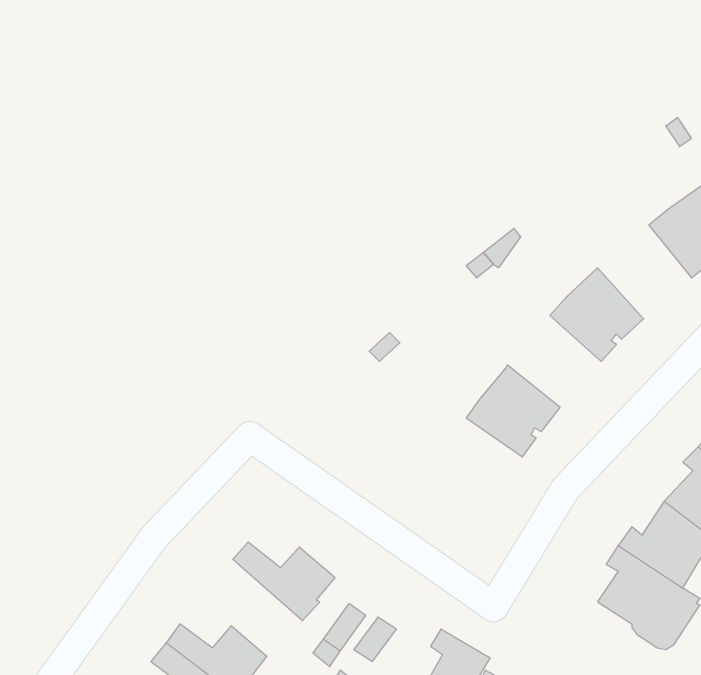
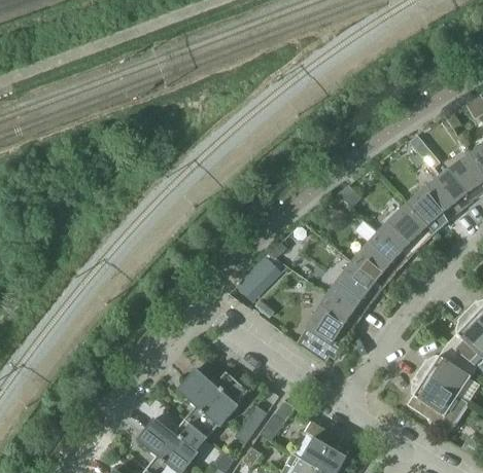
building: none -> [406,177,462,233]
building: none -> [351,231,408,287]
building: none -> [246,258,279,291]
building: none -> [296,293,360,363]
building: none -> [176,378,228,437]

